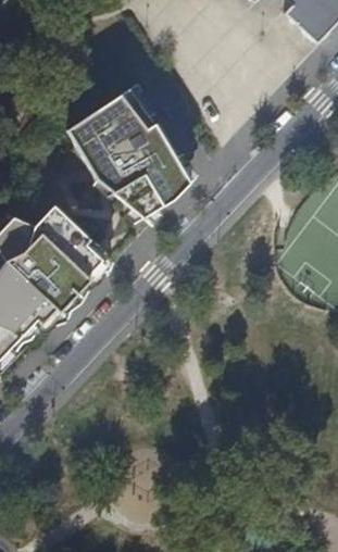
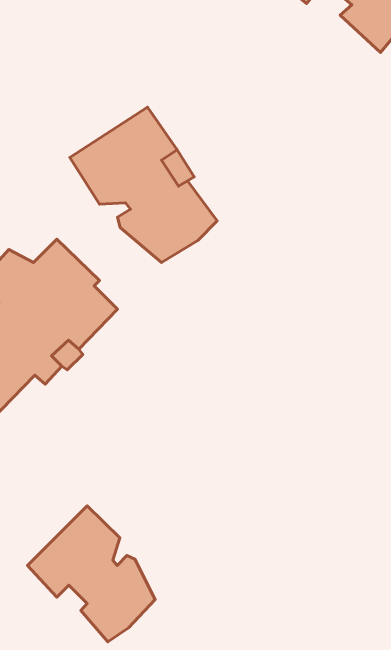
building: none -> [27,506,155,642]

